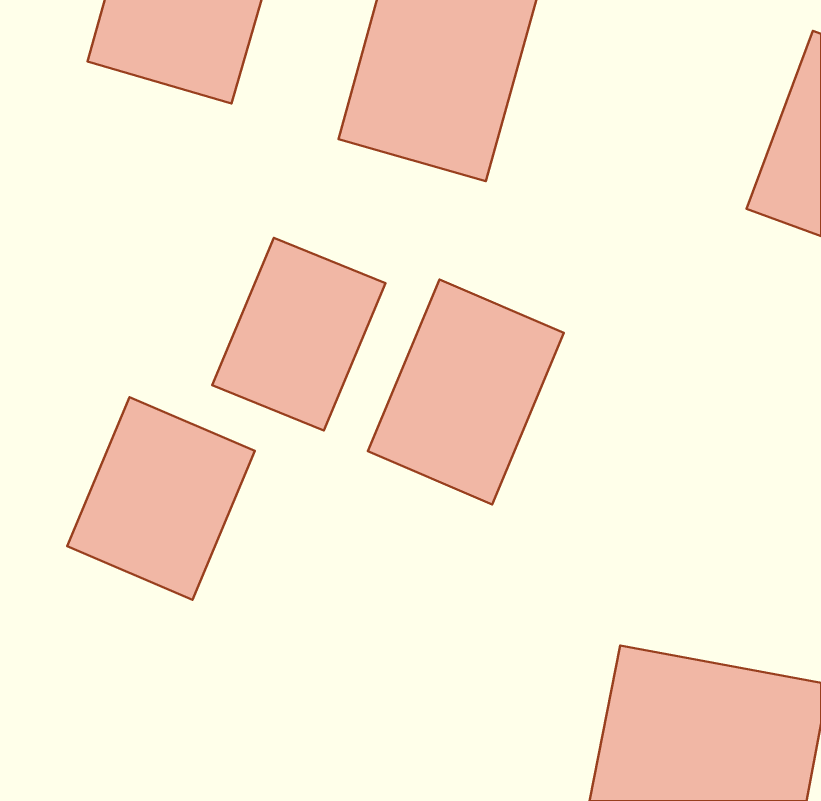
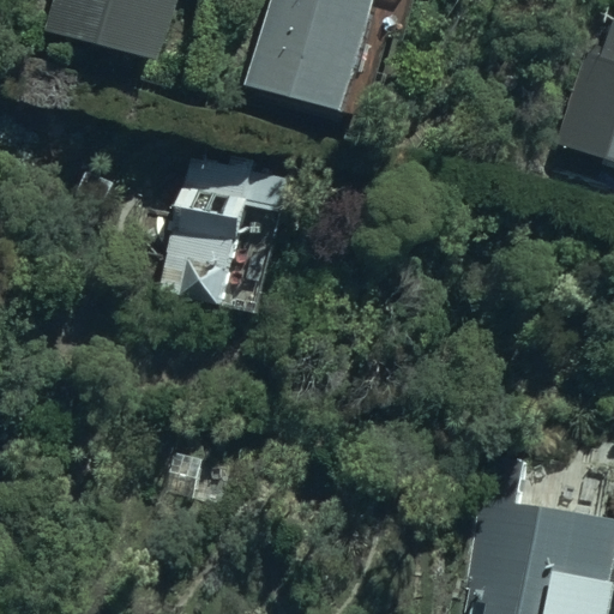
building: [368,280,564,504] -> none
building: [67,397,255,600] -> none

